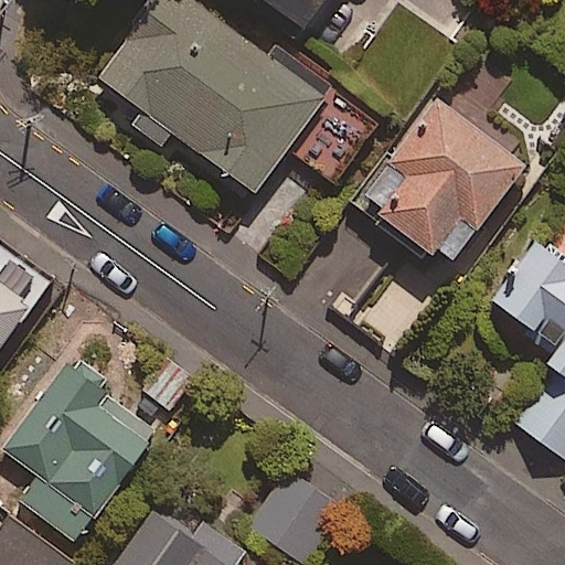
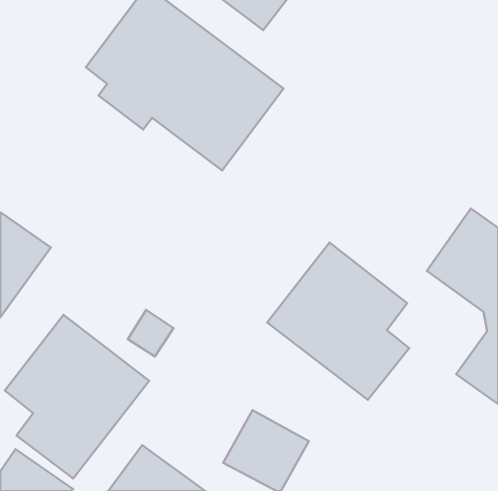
building: [356,100,524,270] -> none
building: none -> [267,243,409,400]

